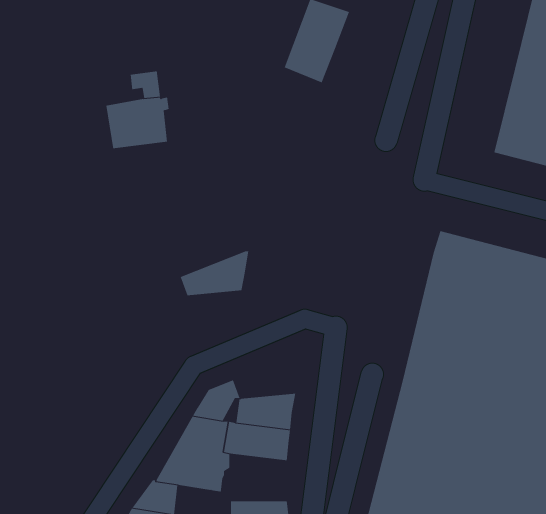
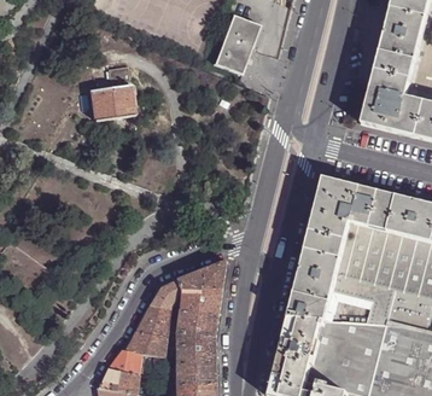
building: [180,251,249,296] -> [179,261,227,292]
building: none -> [176,331,216,363]

